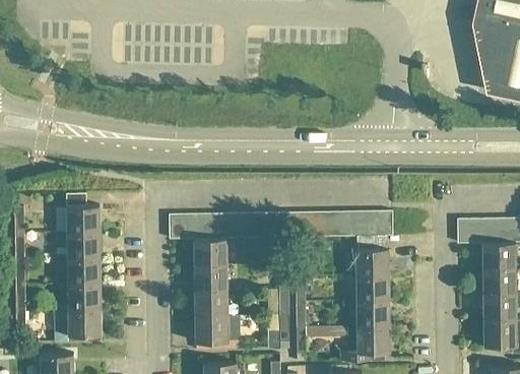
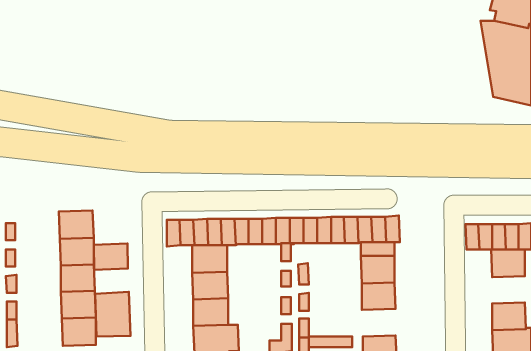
building: none -> [94,244,128,270]
building: [481,268,513,295] -> none
building: none -> [95,292,130,336]
building: [356,300,389,326] -> none

